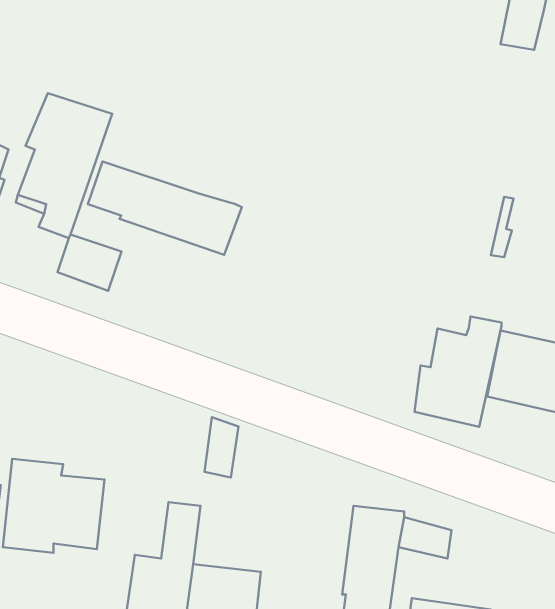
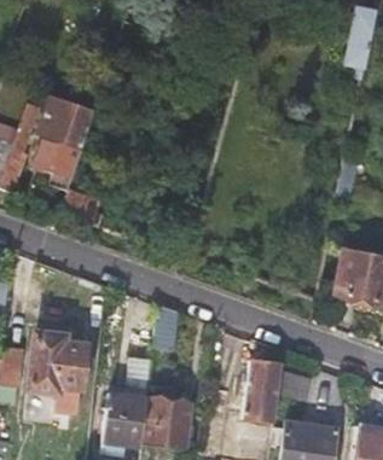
building: [88,161,242,255] -> none
building: [415,316,502,427] -> none

